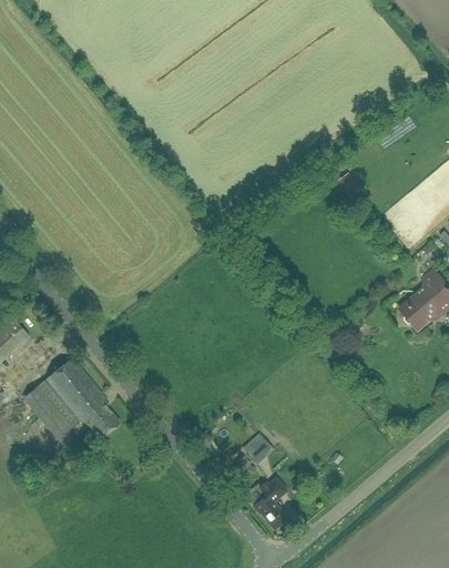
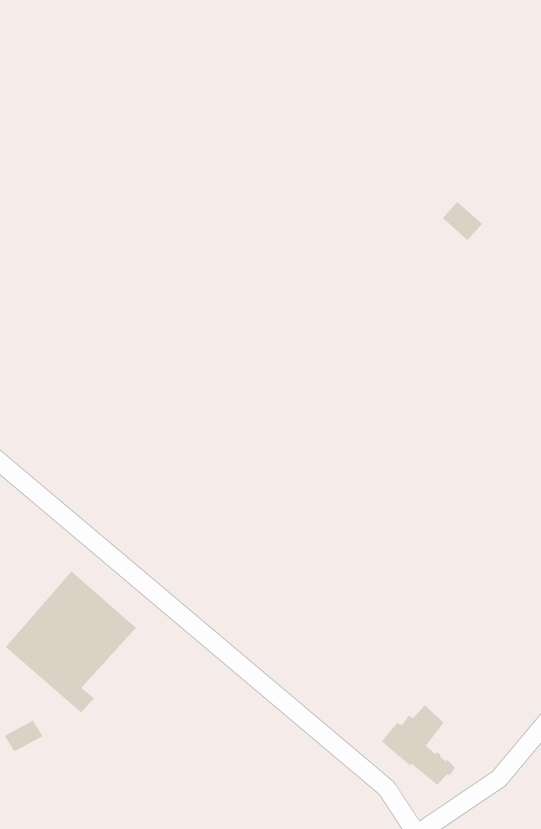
building: [82,403,119,439] -> none
building: [242,434,273,464] -> none

